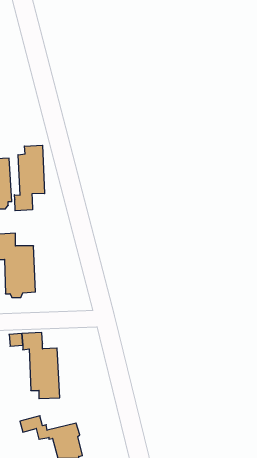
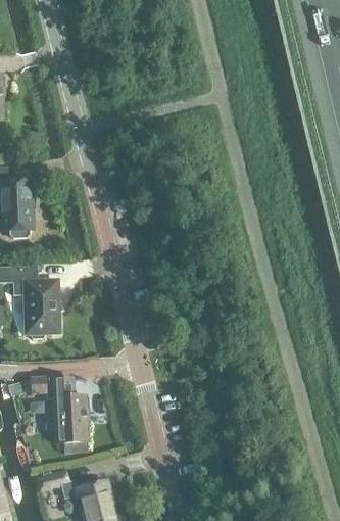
building: [14,145,45,211] -> none

